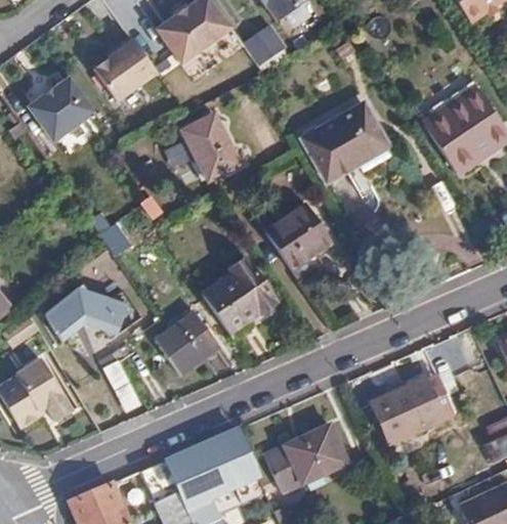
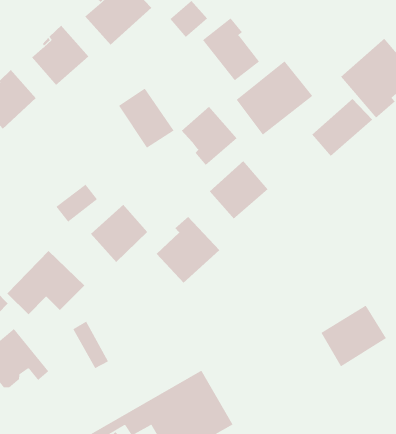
building: none -> [202,18,260,81]
building: none -> [181,106,237,166]
building: none -> [312,98,373,157]
building: [154,308,217,372] -> [90,204,148,263]
building: [266,424,347,490] -> none

